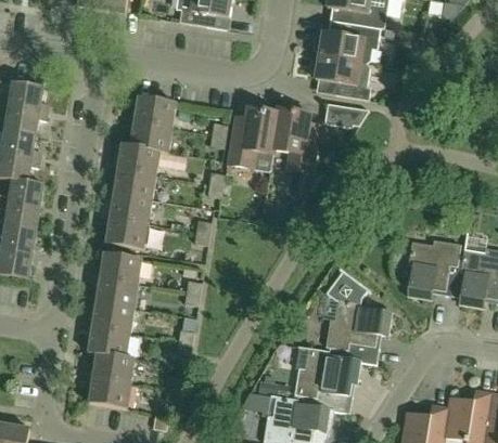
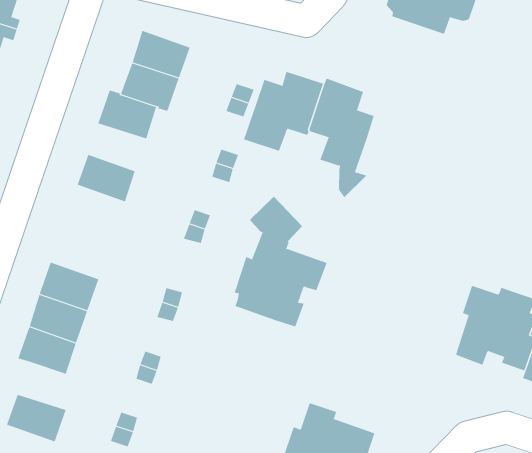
building: [309,55,370,101] -> none
building: [325,103,369,126] -> none
building: [114,170,155,200] -> none
building: [105,218,148,249] -> none
building: [100,253,141,284] -> none
building: [325,271,391,364] -> [234,196,328,327]
building: [92,353,135,383] -> none

